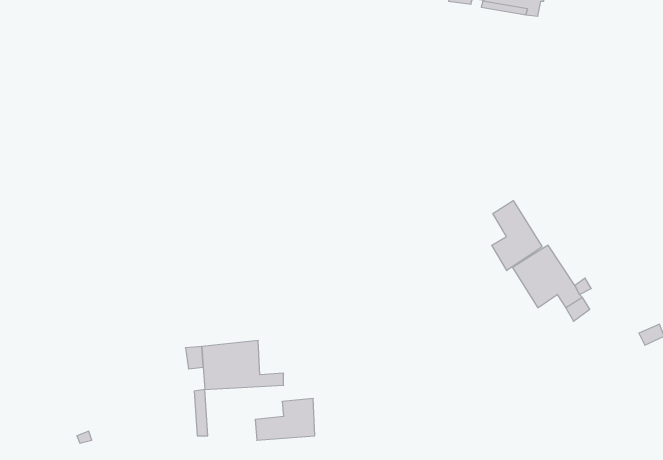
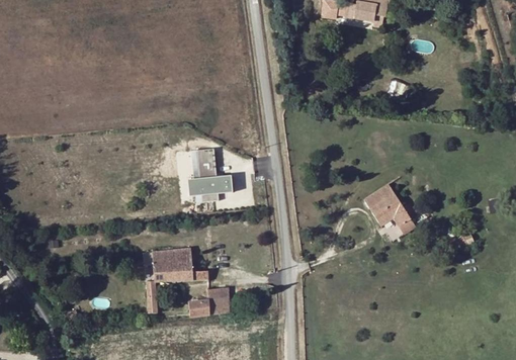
building: none -> [187,148,234,195]
building: [492,201,542,271] -> none

